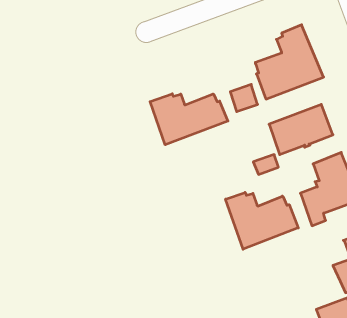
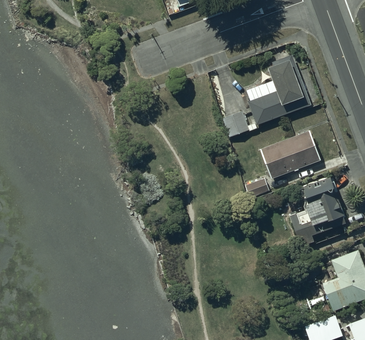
building: [150,94,228,145] -> none
building: [226,192,298,249] -> none

